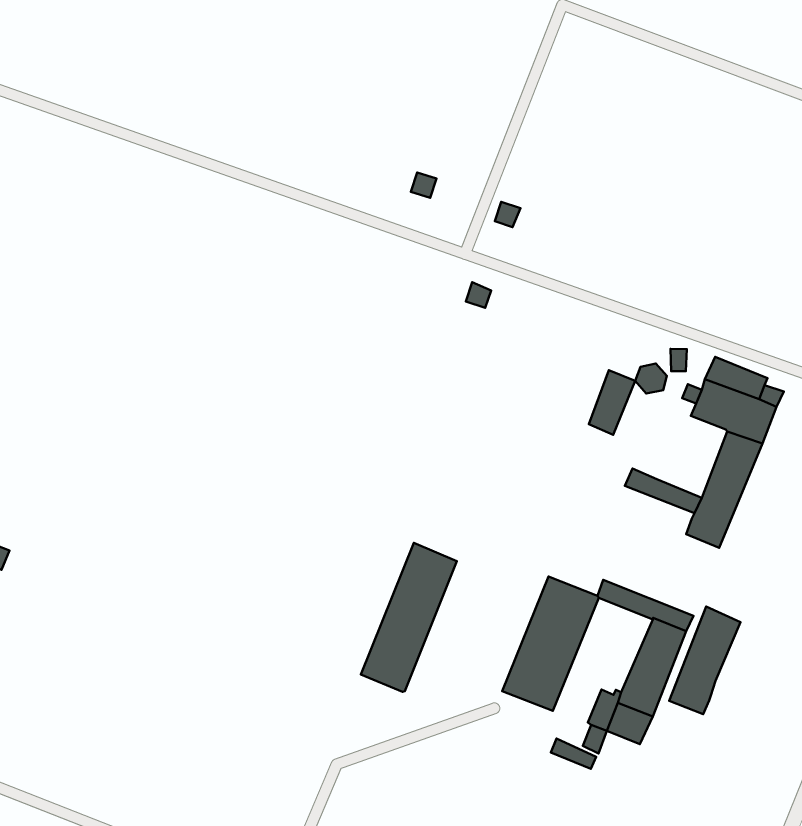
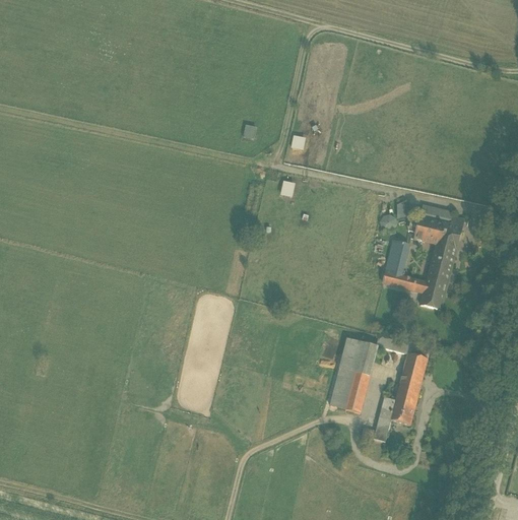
building: [589,370,635,435] -> [386,241,408,276]
building: [361,543,457,692] -> none
building: [669,606,741,714] -> none

